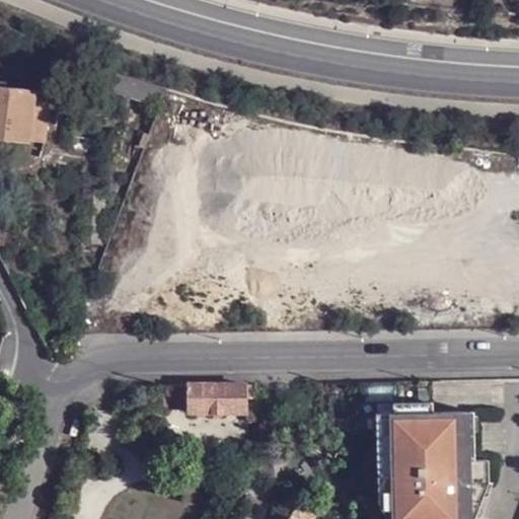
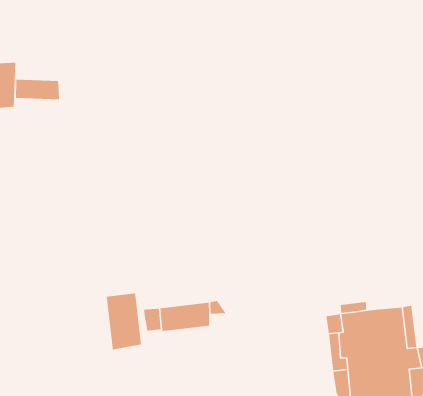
building: none -> [15,79,60,100]
building: none -> [106,292,142,351]

